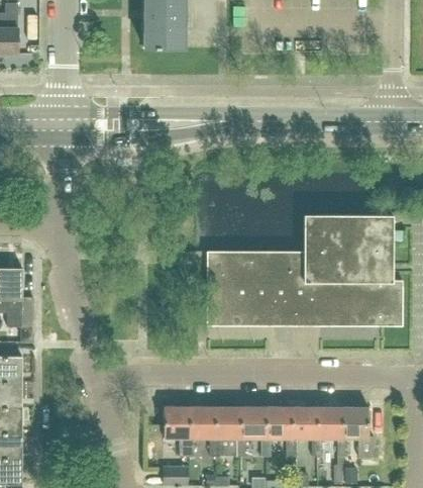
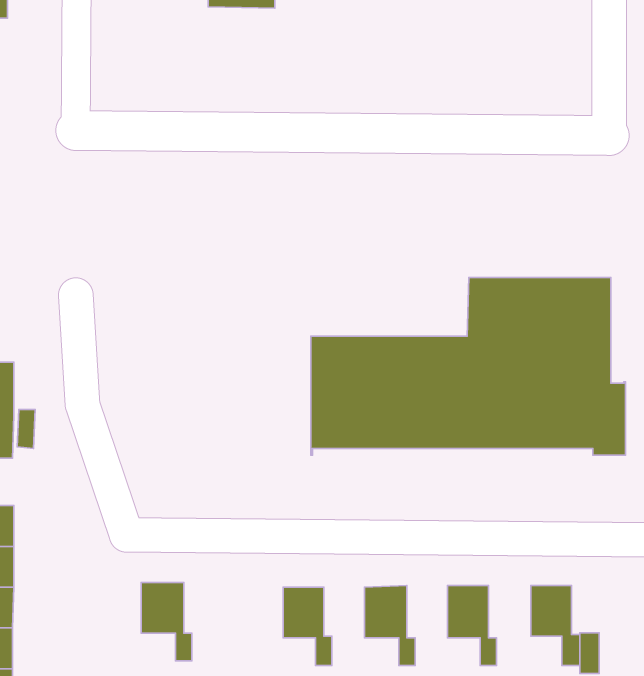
building: [267,407,297,457] -> none
building: [317,407,347,457] -> none
building: [164,408,195,457] -> [141,583,192,661]
building: [215,408,246,457] -> none

